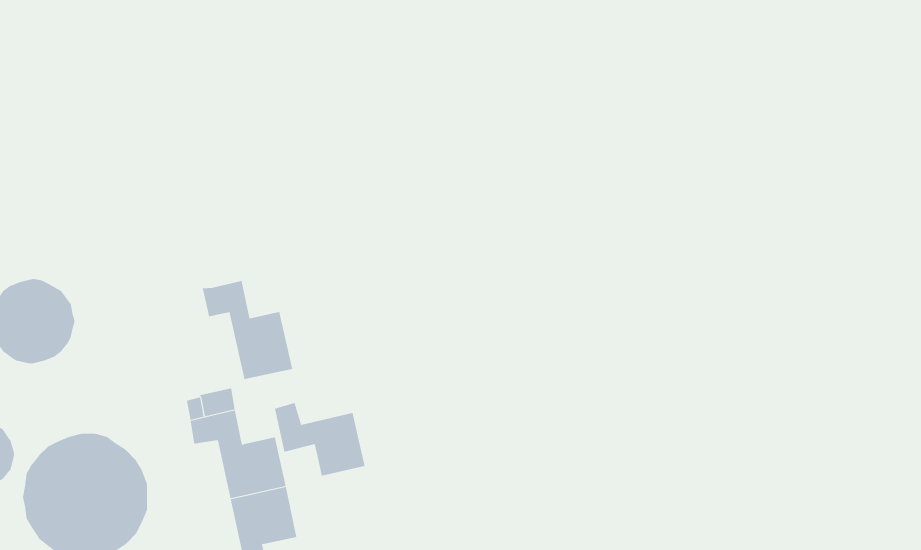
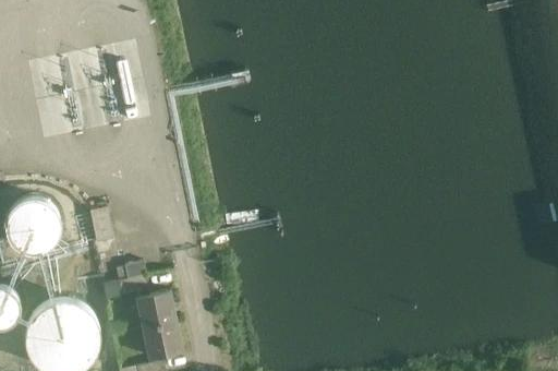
building: [202,280,293,380] -> none
building: [275,402,365,476] -> none

